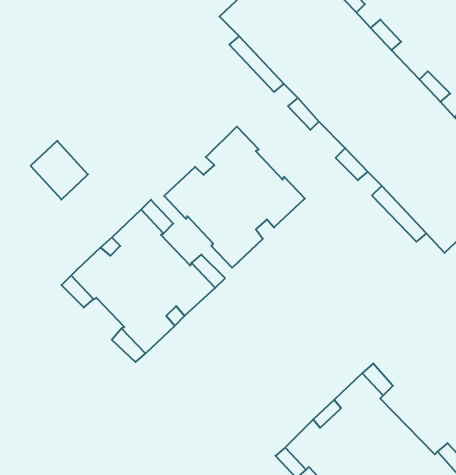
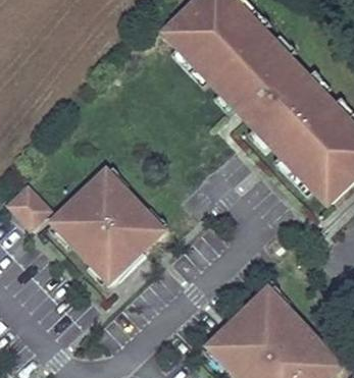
building: [164,127,305,268] -> none
building: [31,141,88,200] -> [9,184,51,227]

